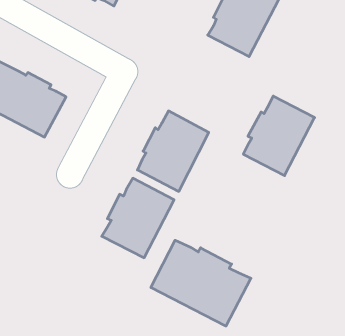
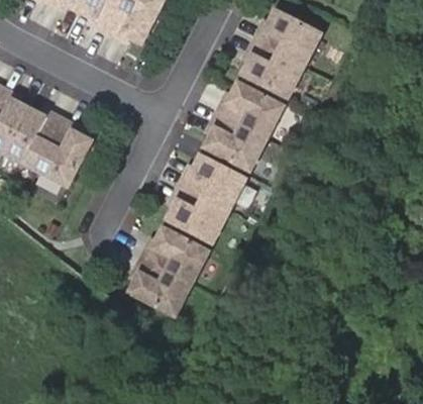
building: [243,96,315,176] -> [206,83,283,169]
building: [151,240,251,326] -> none

